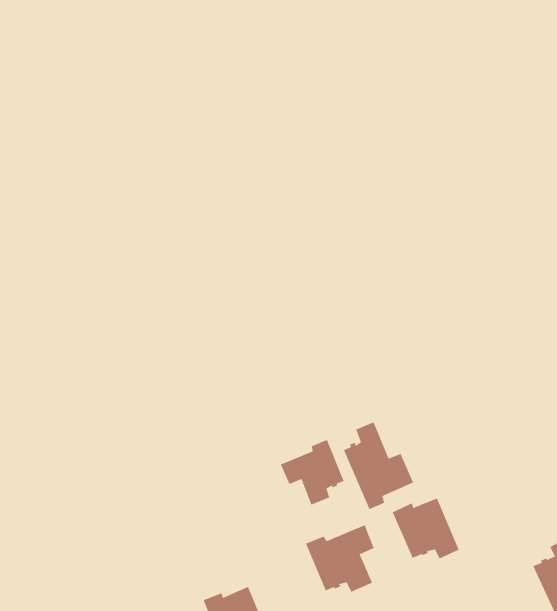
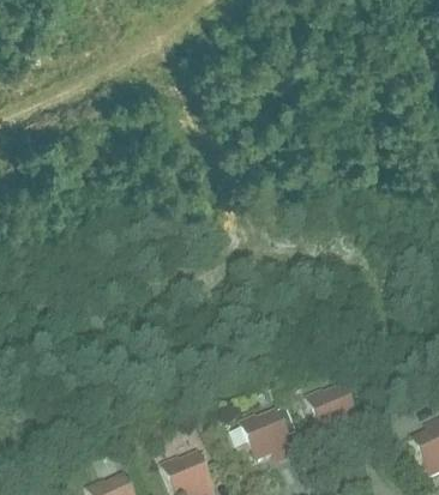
building: [343,422,414,510] -> none
building: [280,439,345,505] -> none

